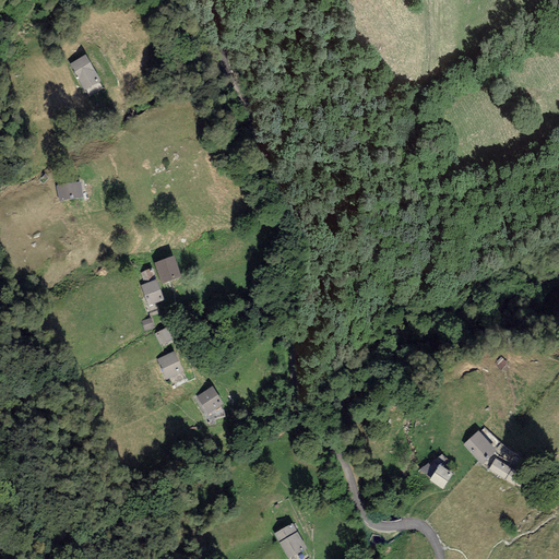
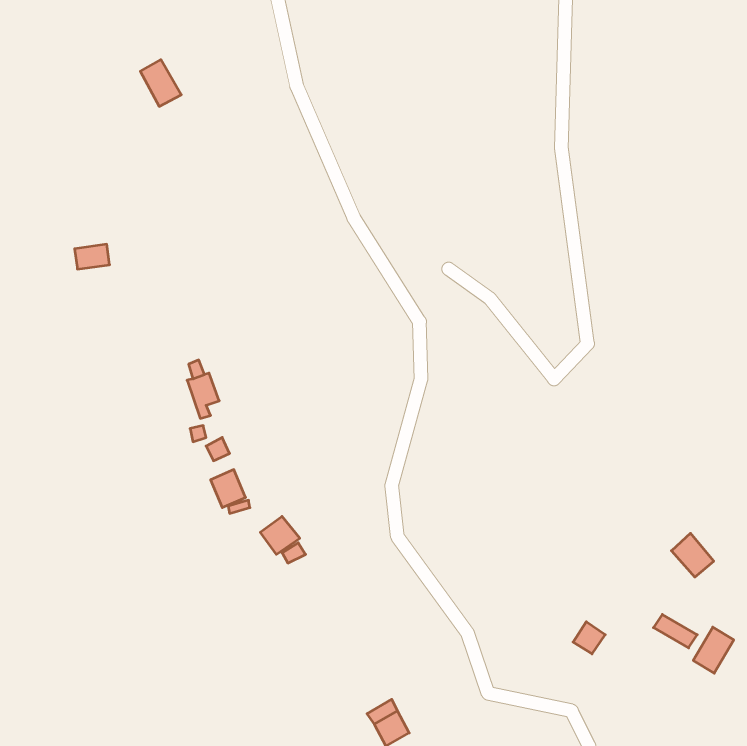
building: [70,55,100,90] -> [140,60,181,106]
building: [154,255,180,283] -> none
building: [463,430,495,463] -> [671,533,714,577]
building: none -> [693,627,734,673]

